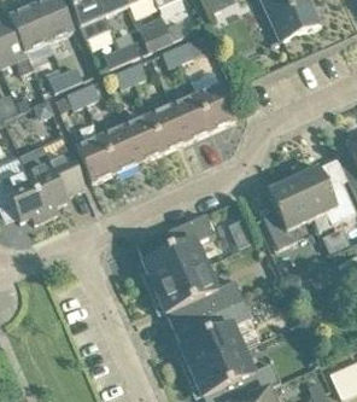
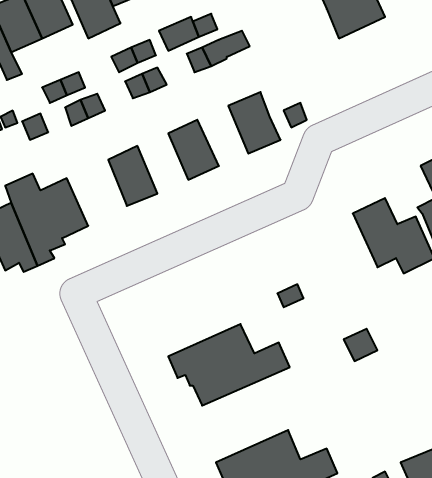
building: [171,93,211,140] -> none
building: [124,115,164,162] -> none
building: [76,135,116,182] -> none
building: [263,177,312,249] -> none
building: [137,214,215,290] -> none
building: [175,298,252,373] -> none

